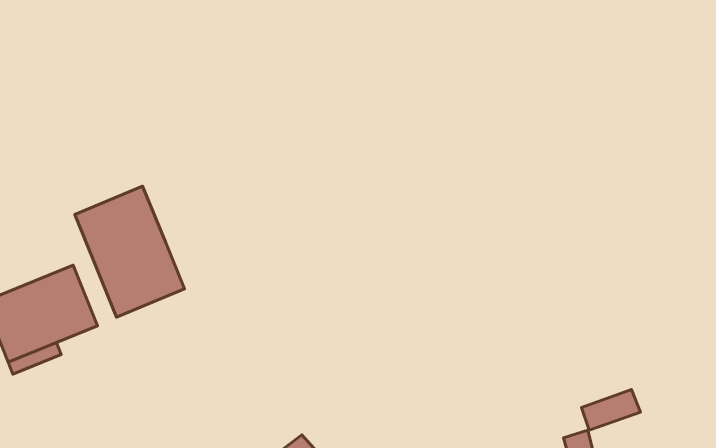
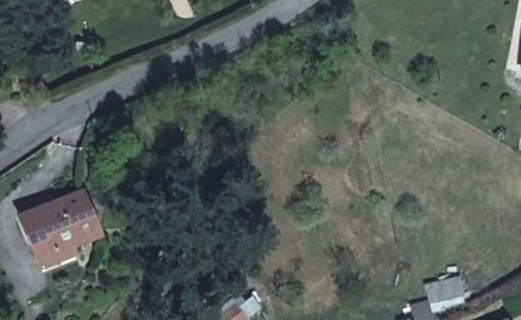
building: [75,186,184,317] -> none

